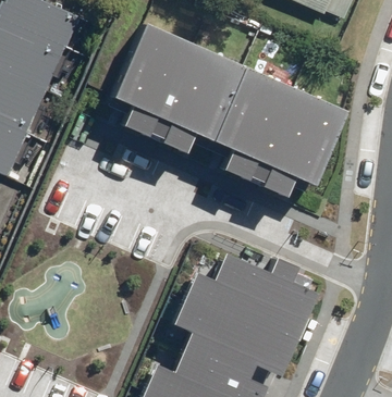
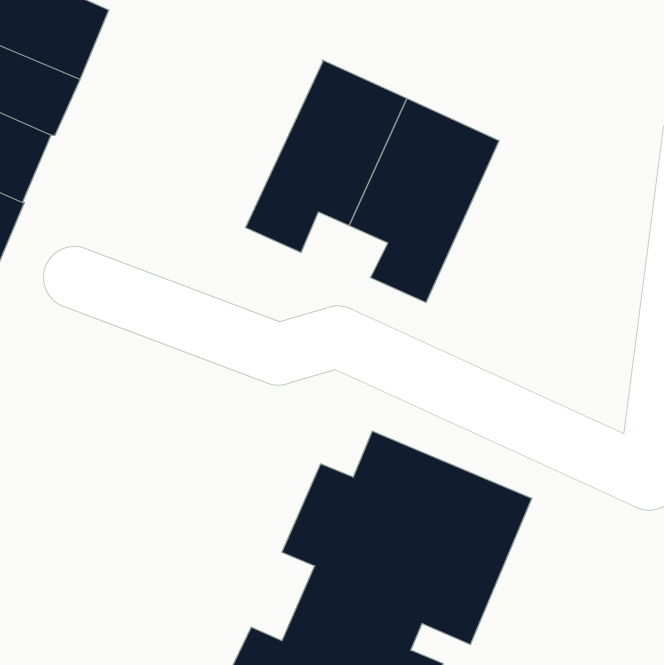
building: [112,23,197,140] -> none
building: [256,91,346,197] -> none

